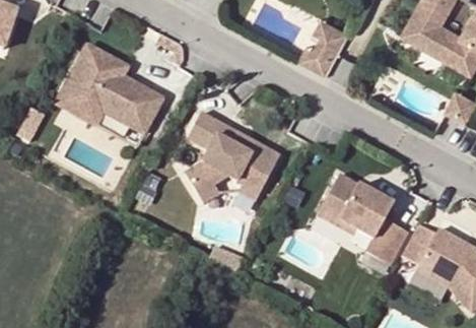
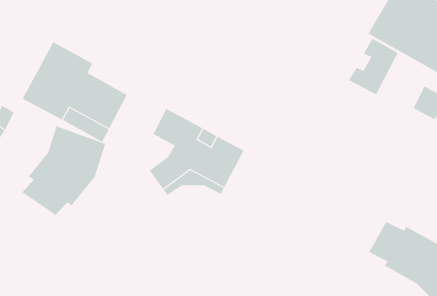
building: [299,20,350,77] -> [348,39,399,95]
building: none -> [21,125,106,216]
building: [321,175,409,265] -> none

